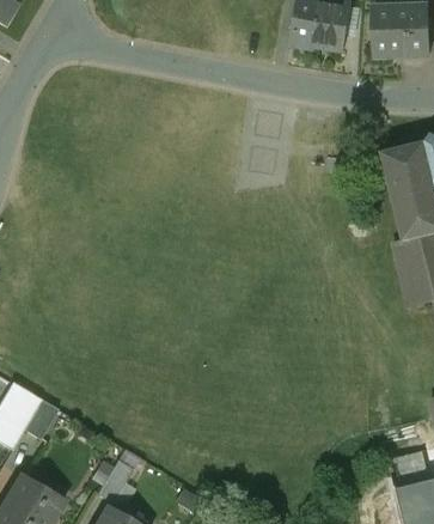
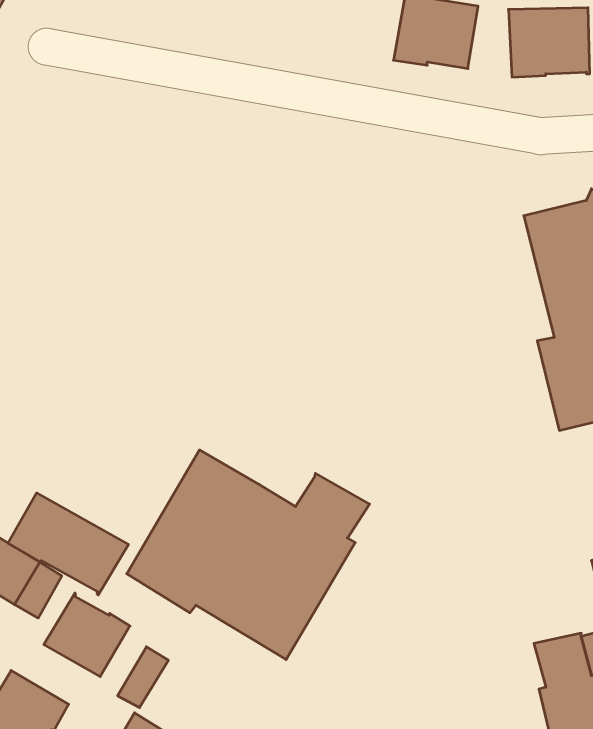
building: none -> [127,450,370,660]
building: none -> [8,493,128,595]
building: none -> [44,593,130,677]

